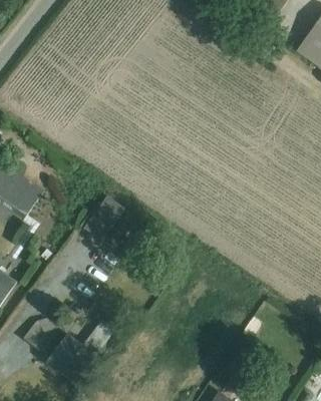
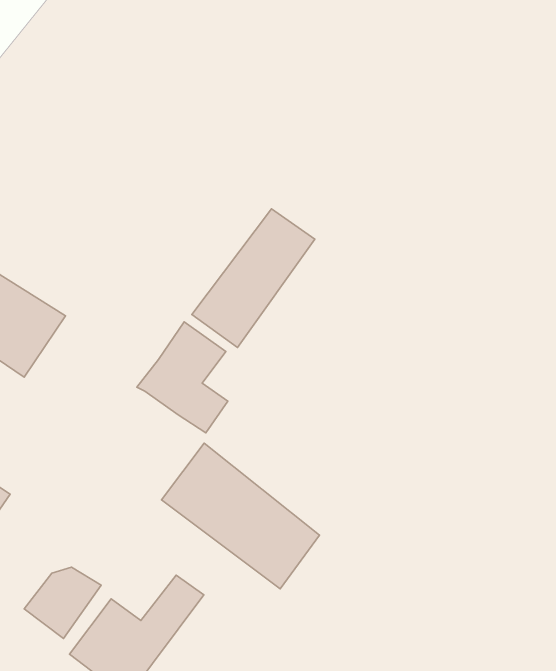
building: none -> [192,209,315,347]
building: none -> [161,443,320,589]

